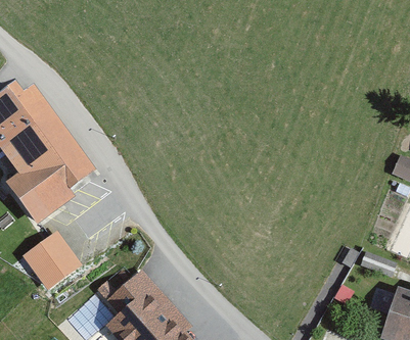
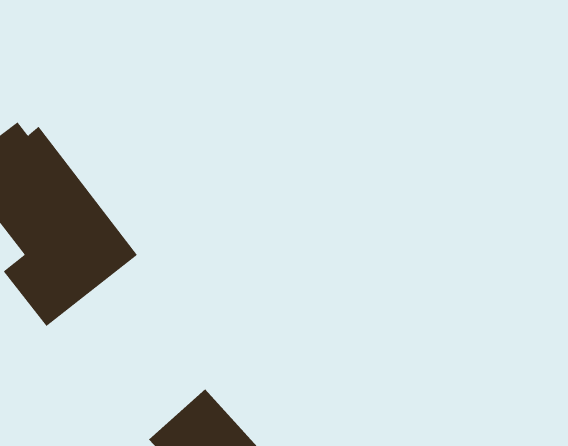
building: [21,231,82,291] -> none

